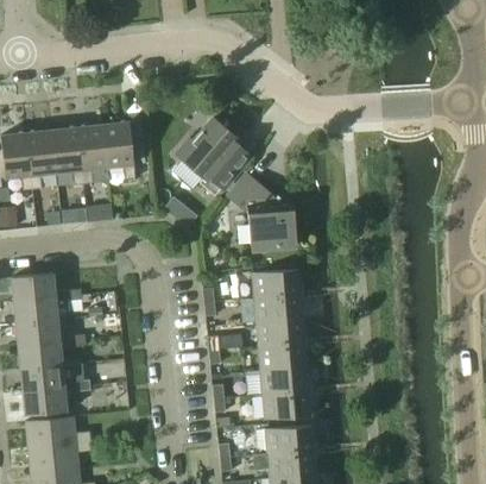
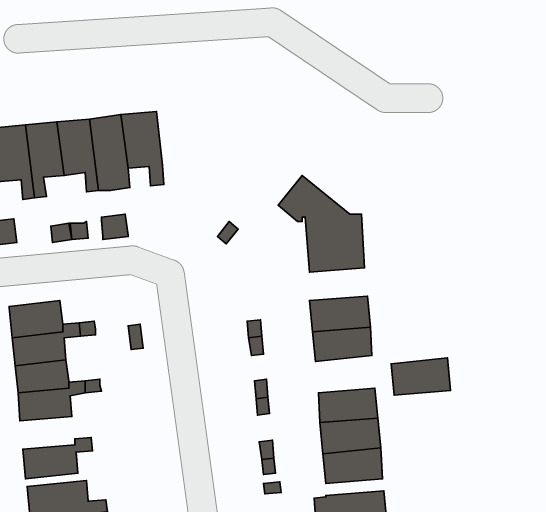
building: [176,118,253,194] -> none
building: [257,316,304,346] -> [391,358,451,395]
building: [20,363,89,392] -> none

